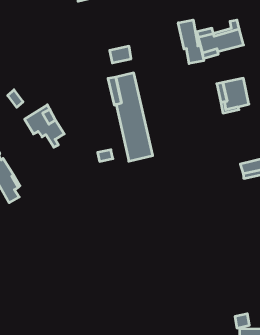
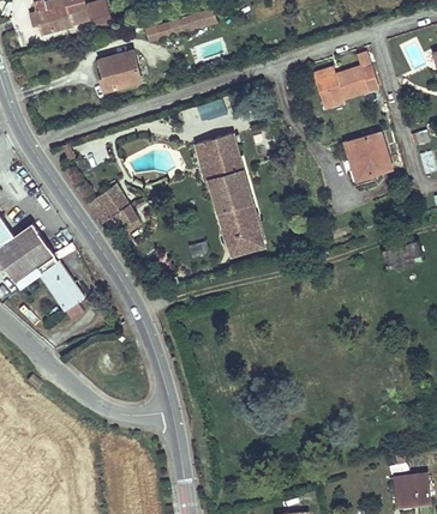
building: none -> [100,52,140,91]
building: [178,20,204,64] -> none

